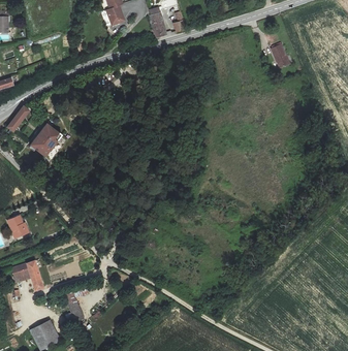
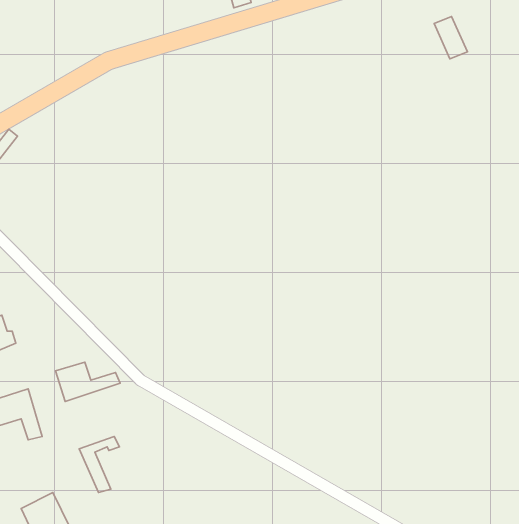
building: [29,123,62,158] -> none
building: none -> [55,362,120,402]

